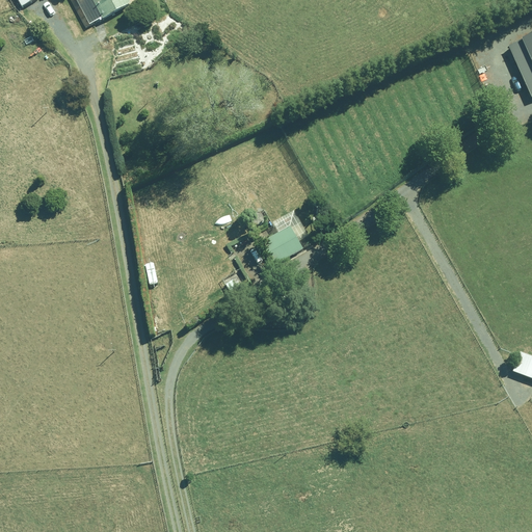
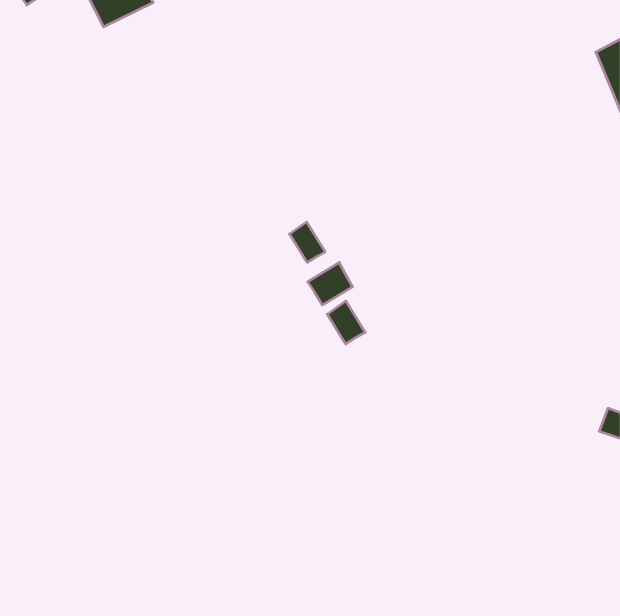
building: none -> [289,222,325,262]
building: none -> [327,301,365,344]

